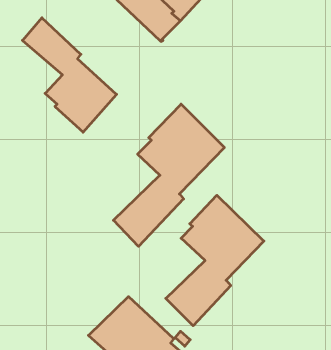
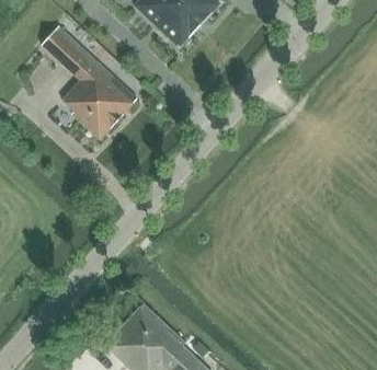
building: [113,104,224,246] -> none
building: [166,195,264,326] -> none

